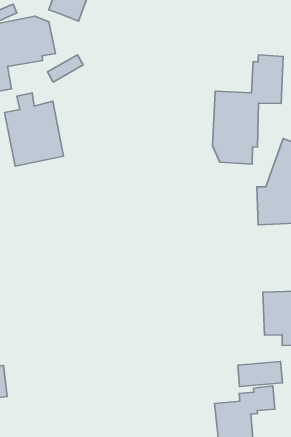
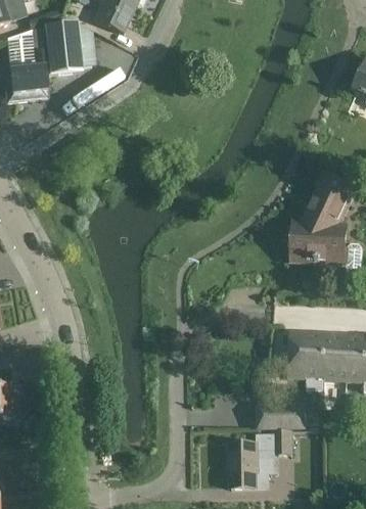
building: [212,55,283,164] -> none
building: [5,93,64,166] -> none

